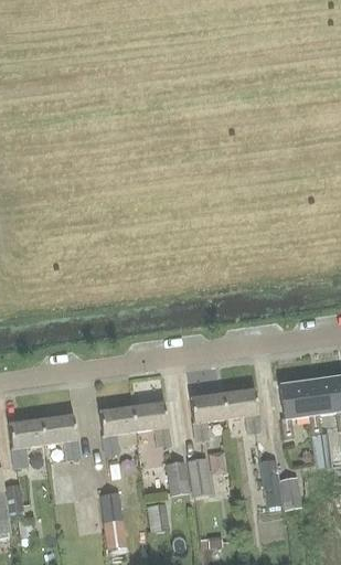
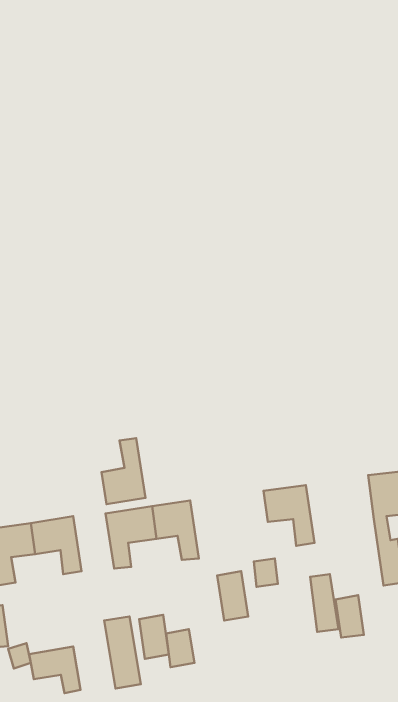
building: none -> [102,438,145,504]
building: [280,381,309,439] -> none
building: [190,393,226,441] -> none
building: [166,459,189,493] -> [139,615,169,659]
building: none -> [29,647,80,693]

